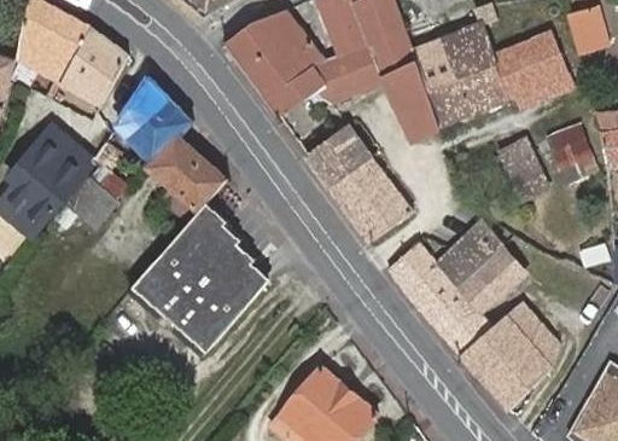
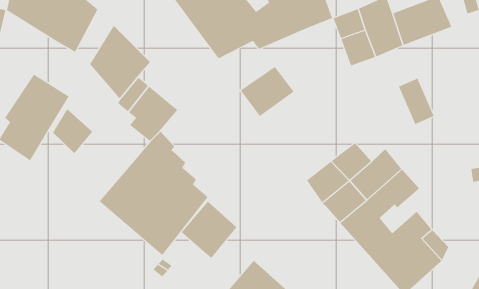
building: [385,64,439,138] -> none
building: [543,127,590,170] -> none
building: [327,155,410,240] -> none
building: none -> [181,201,237,259]

